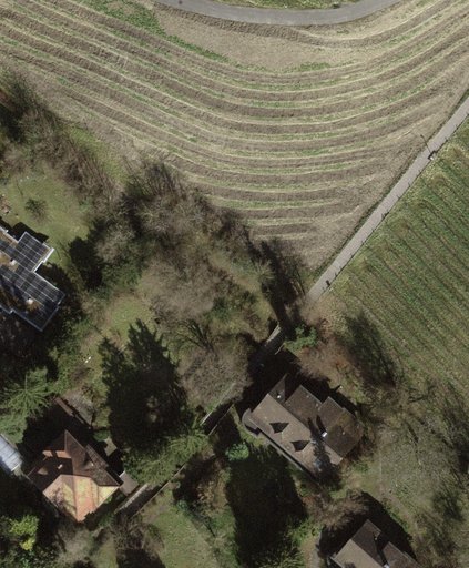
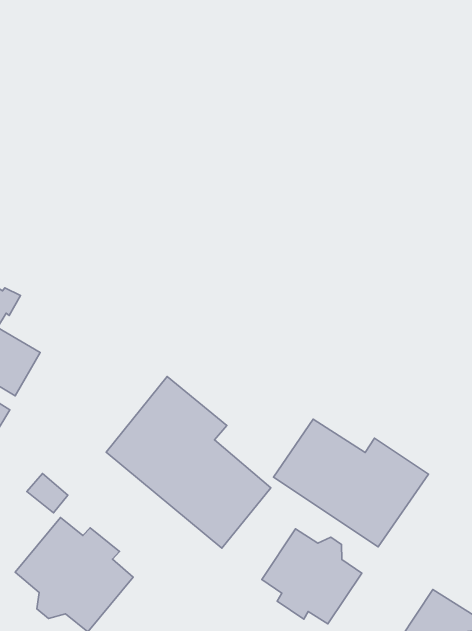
building: none -> [106,376,271,548]
building: none -> [262,529,362,624]

